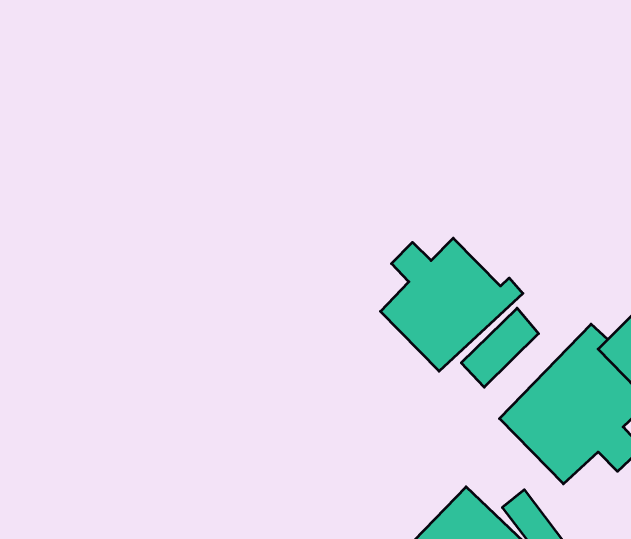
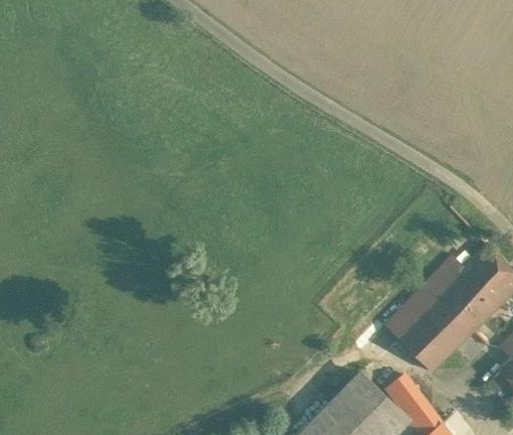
building: [380,238,523,371] -> none
building: [461,308,539,387] -> none

